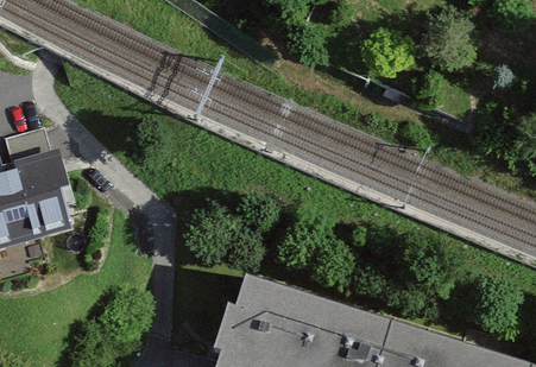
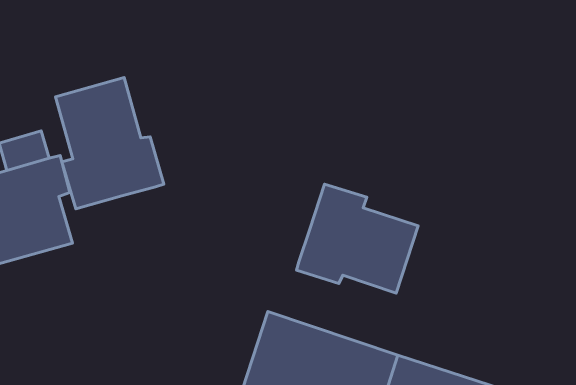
building: none -> [55,78,164,209]
building: none -> [297,184,418,293]

